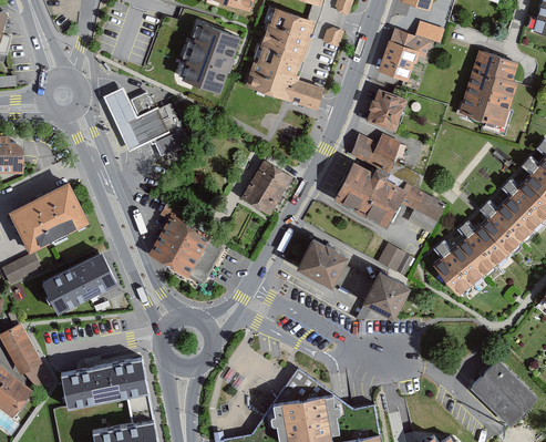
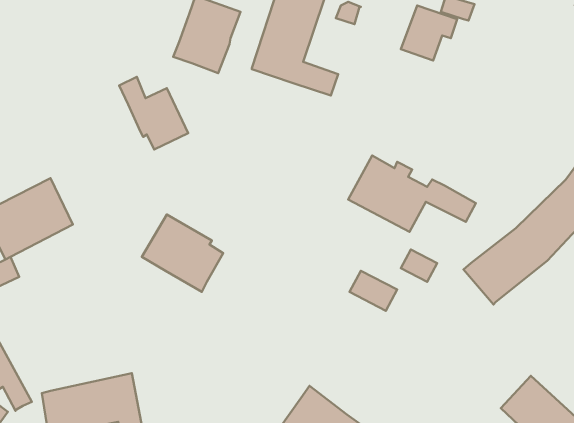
building: [457,51,517,127] -> none
building: [103,89,148,152] -> none
building: [367,90,406,133] -> none
building: [350,133,423,189] -> none
building: [241,162,290,214] -> none
building: [298,243,347,288] -> none
building: [42,256,116,316] -> none
building: [363,276,406,319] -> none

